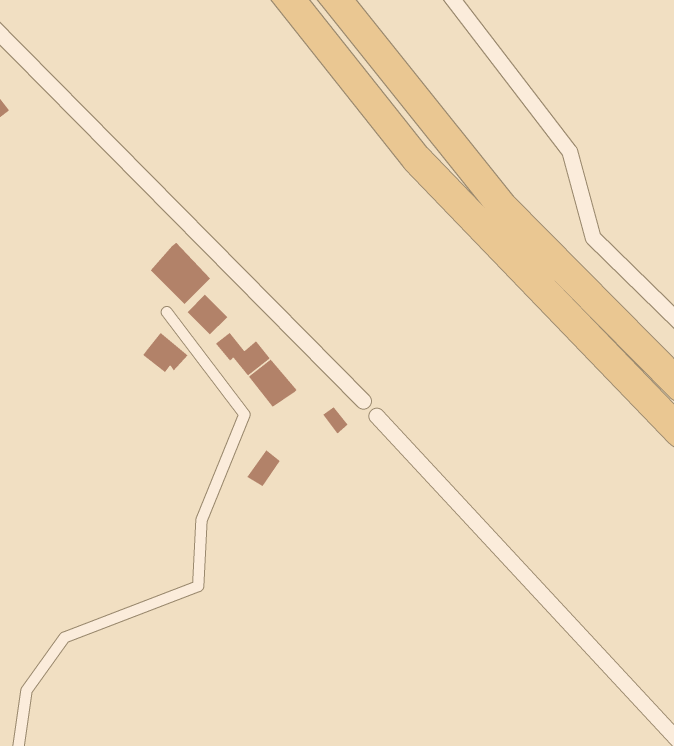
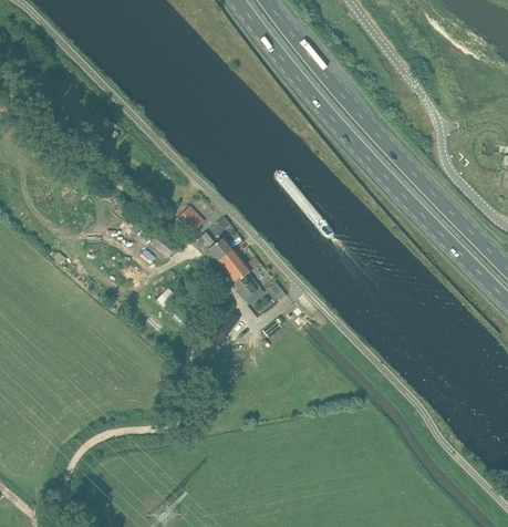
building: [150,242,211,305] -> none
building: none -> [232,272,265,303]

